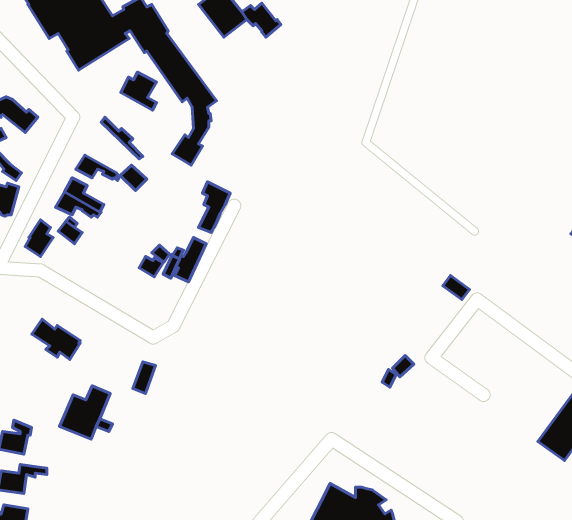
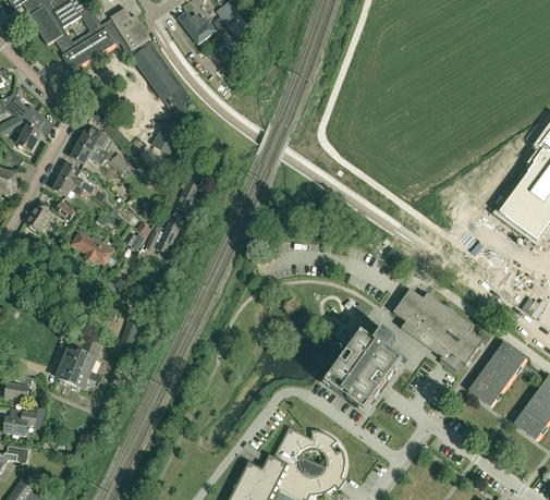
building: [121,72,156,110] -> [77,126,108,159]
building: none -> [16,111,46,150]
building: [32,319,80,360] -> [71,230,112,265]
building: none -> [392,289,481,370]
building: none -> [325,330,400,412]

